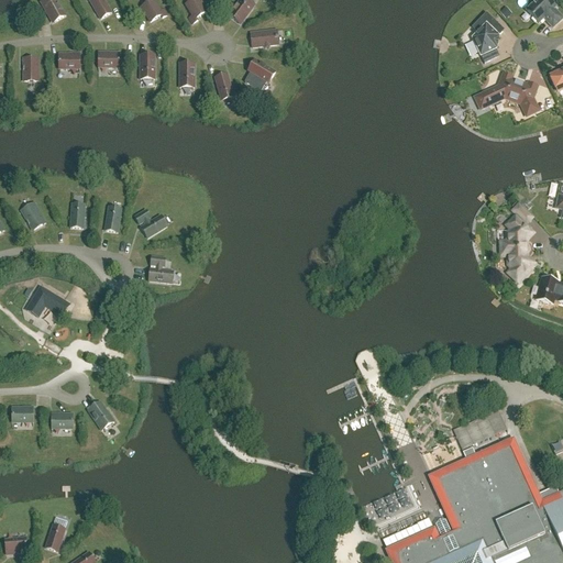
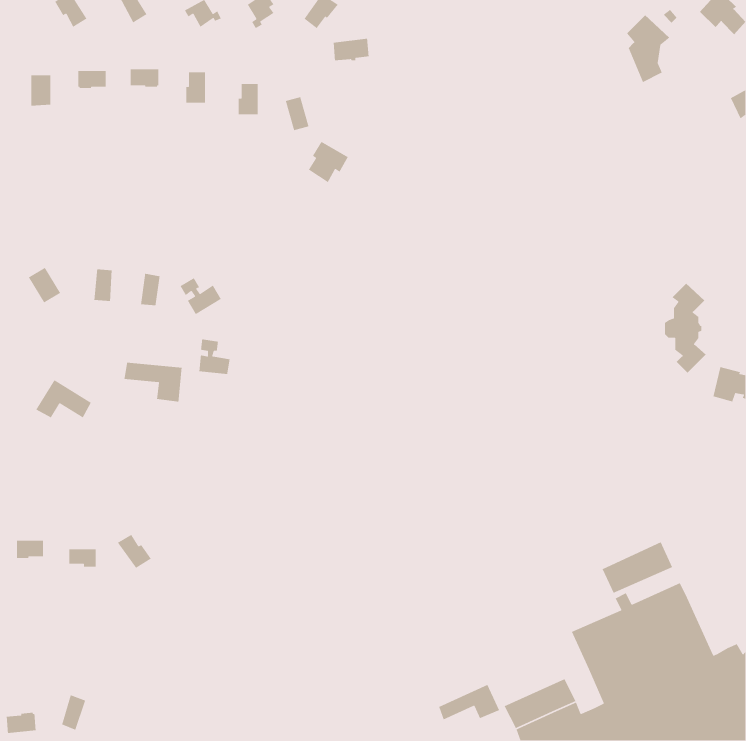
building: [245,58,276,90] -> [308,141,349,183]
building: [476,73,538,113] -> none
building: none -> [123,362,183,403]
building: none -> [438,684,500,720]

